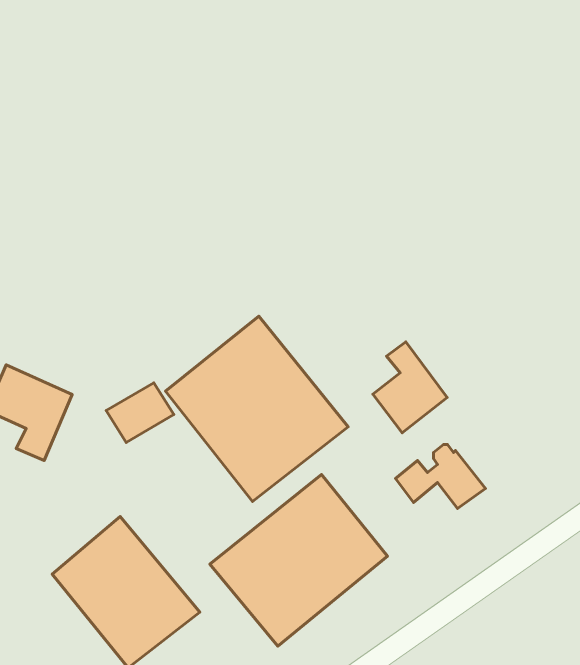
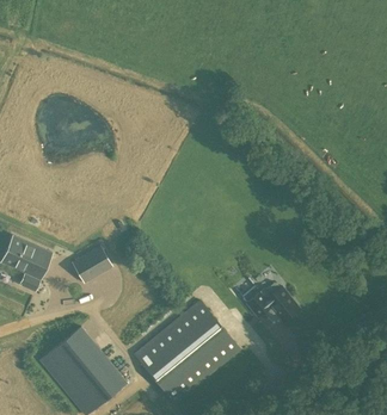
building: [165,316,348,502] -> none
building: [373,342,447,433] -> none

